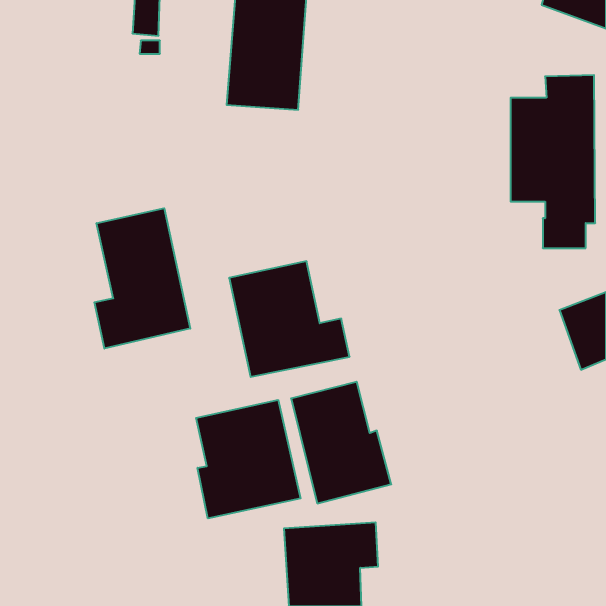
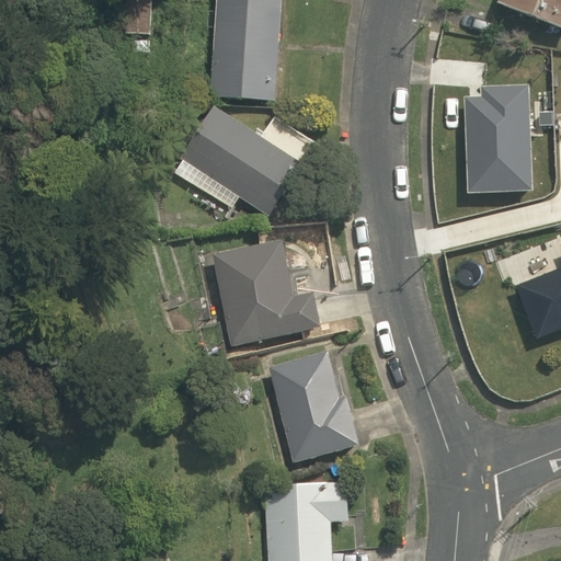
building: none -> [174,106,319,215]
building: [94,208,190,349] -> none
building: [196,400,301,518] -> none

